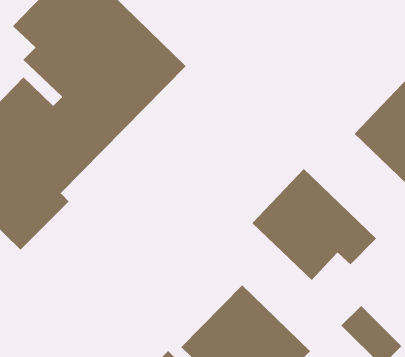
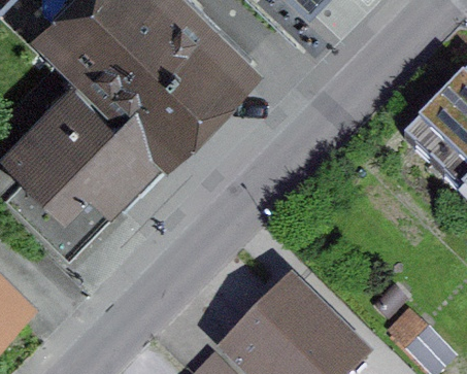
building: [252,168,377,281] -> none

